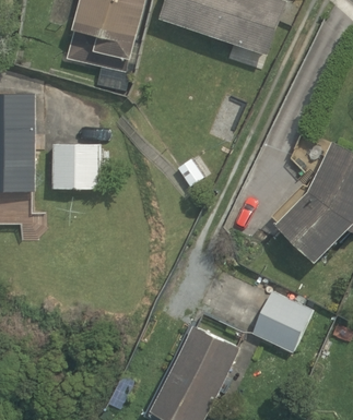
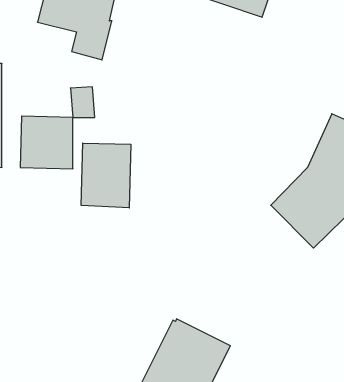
building: none -> [81,143,131,208]
building: [250,291,311,352] -> none

